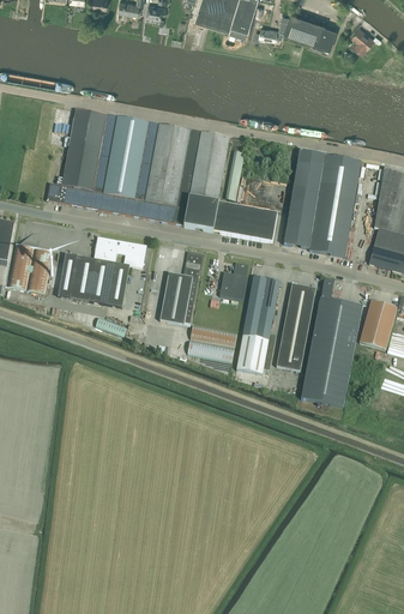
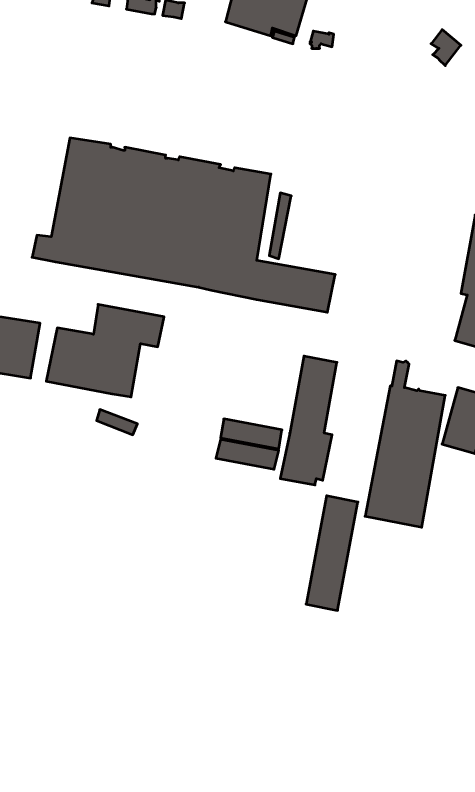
building: [283,11,334,50] -> none
building: [283,150,360,254] -> none
building: [158,249,203,325] -> none
building: [218,260,248,299] -> none
building: [276,282,315,369] -> [306,496,358,610]

